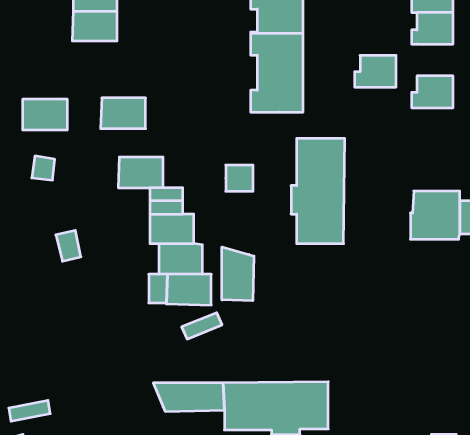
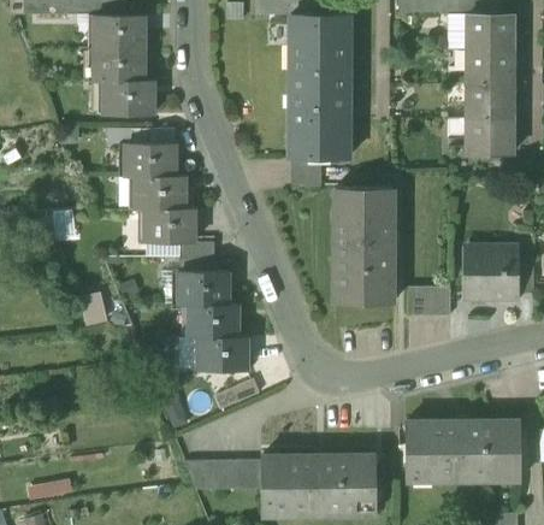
building: [355,55,396,87] -> [467,84,513,119]
building: [23,99,67,130] -> [104,81,153,114]
building: none -> [135,177,184,208]
building: [226,165,253,191] -> [291,159,321,188]
building: none -> [409,287,450,315]
building: [222,247,254,301] -> none
building: none -> [404,421,520,479]

